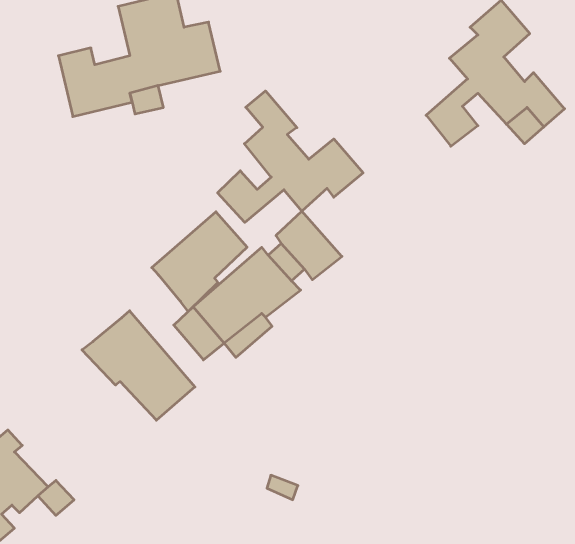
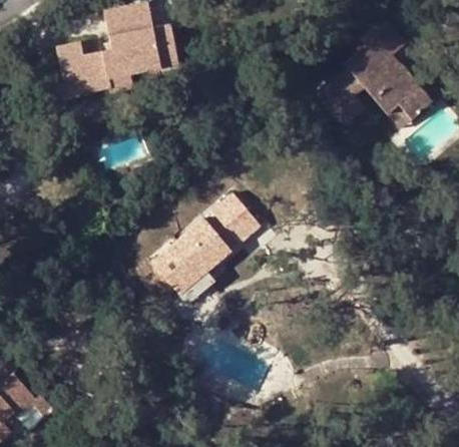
building: [218,91,363,222] -> none
building: [152,212,247,311] -> none
building: [82,311,195,420] -> none

